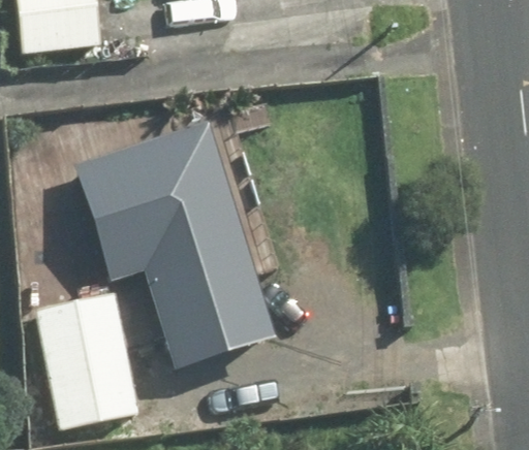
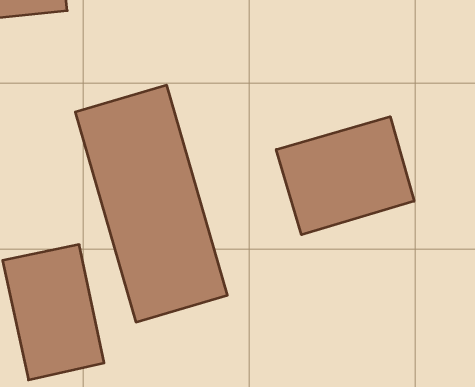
building: none -> [276,117,414,235]

